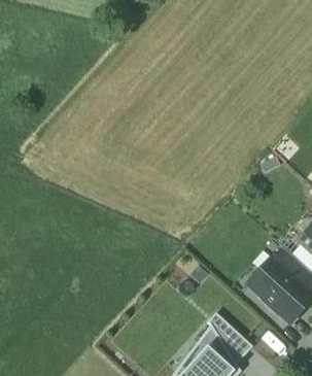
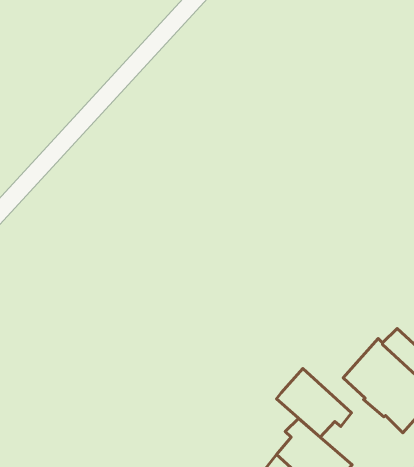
building: none -> [276,368,351,437]

